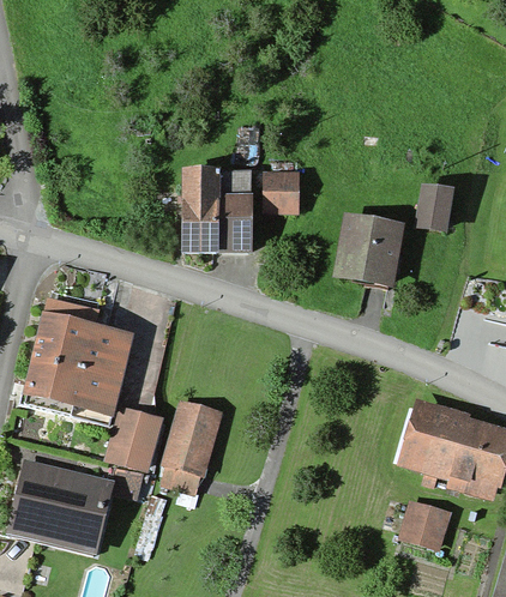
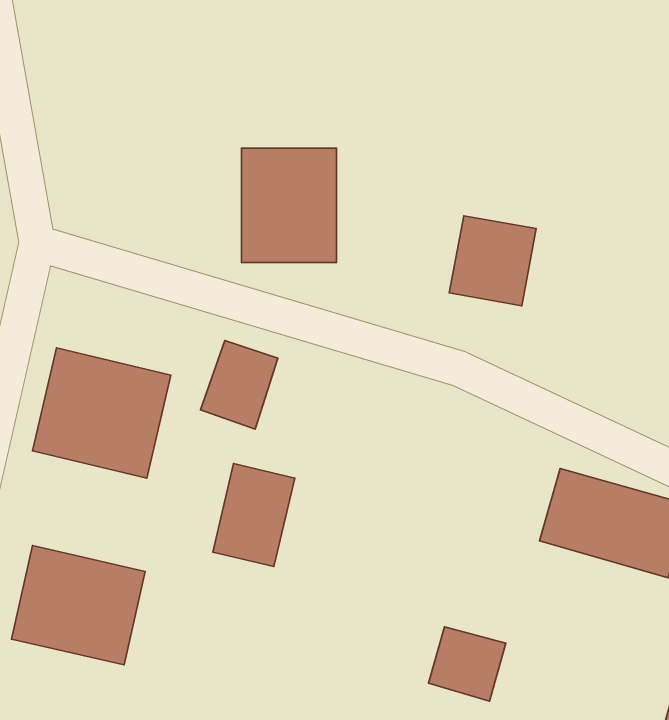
building: [263,173,301,215] -> none
building: [414,183,457,234] -> none
building: [103,408,161,474] -> [201,341,278,429]
building: [396,499,453,554] -> [428,627,506,701]

